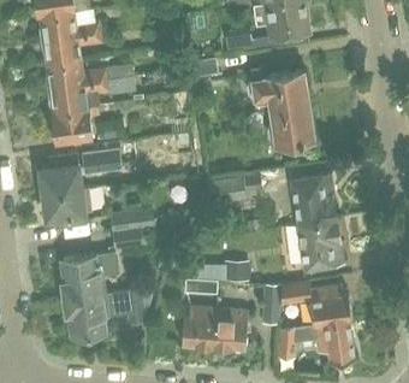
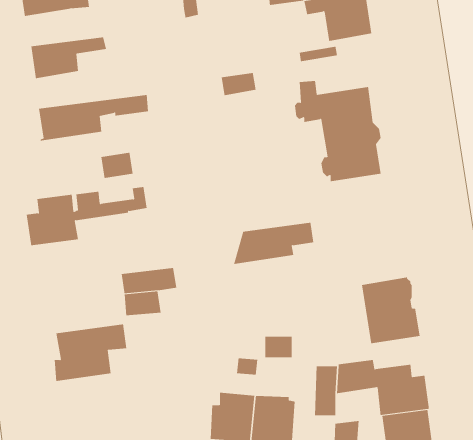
building: [37,10,99,39] -> none
building: [46,58,132,87] -> none
building: [49,105,97,143] -> none
building: [290,172,334,223] -> none
building: [42,187,89,226] -> none
building: [61,287,144,335] -> none

